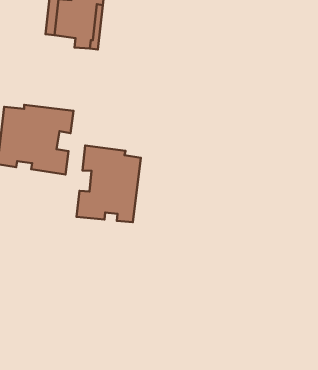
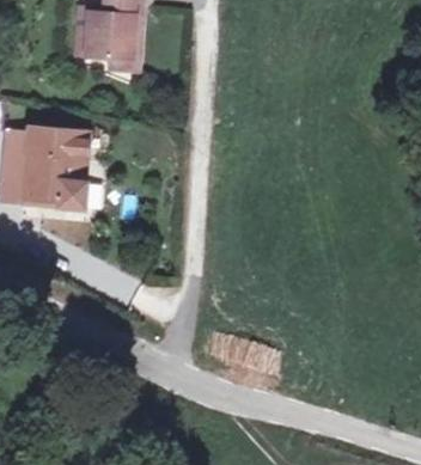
building: [76,146,141,222] -> none

